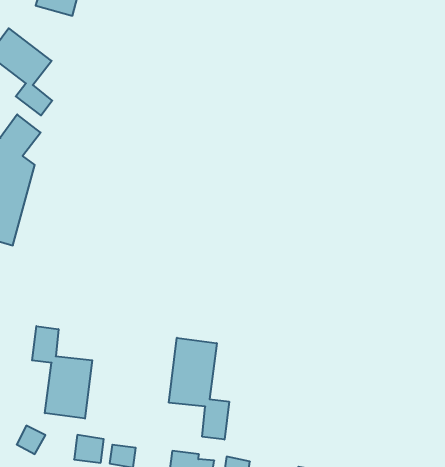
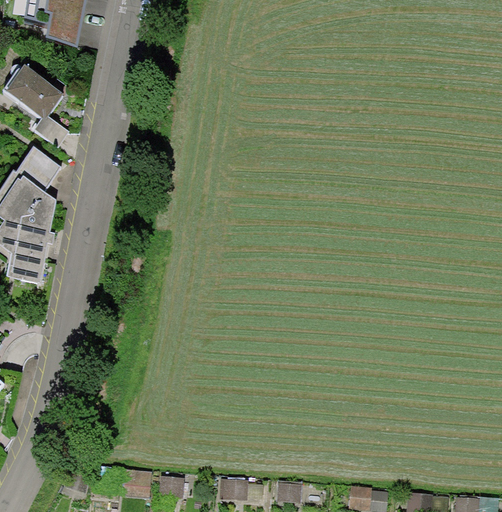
building: [32,326,92,419] -> none
building: [169,338,229,440] -> none

